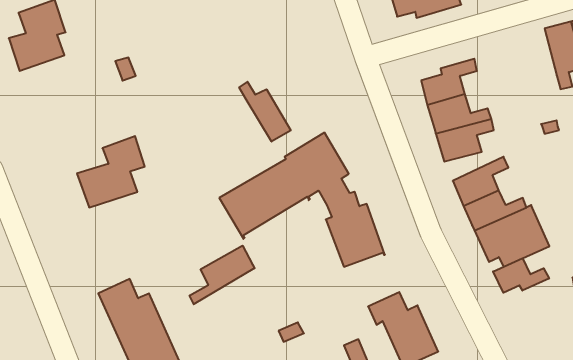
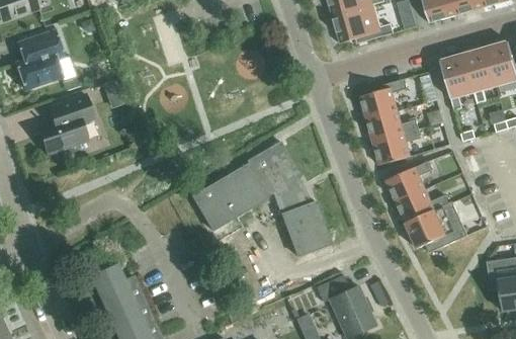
building: none -> [440,54,474,110]
building: [239,82,291,142] -> none
building: [77,136,145,207] -> [36,93,93,153]
building: [190,246,255,304] -> none
building: [493,258,549,293] -> none

